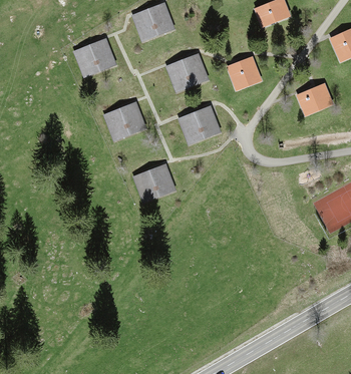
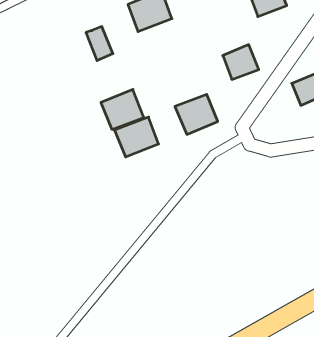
building: [72,43,100,77] -> none
building: [165,52,210,93] -> none
building: [132,162,177,203] -> [115,117,159,157]

